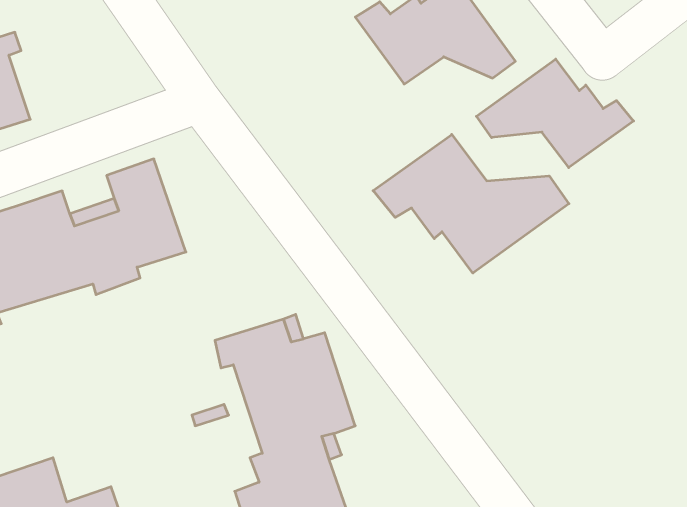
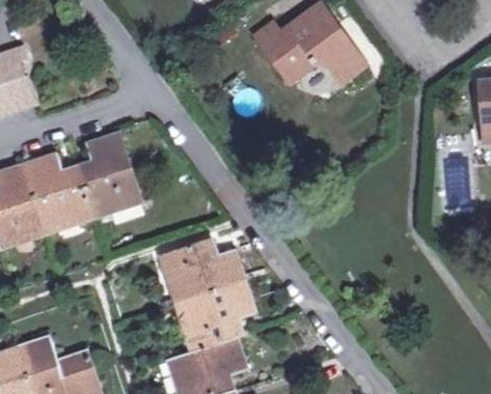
building: [476,59,634,168] -> none
building: [373,134,569,273] -> none

